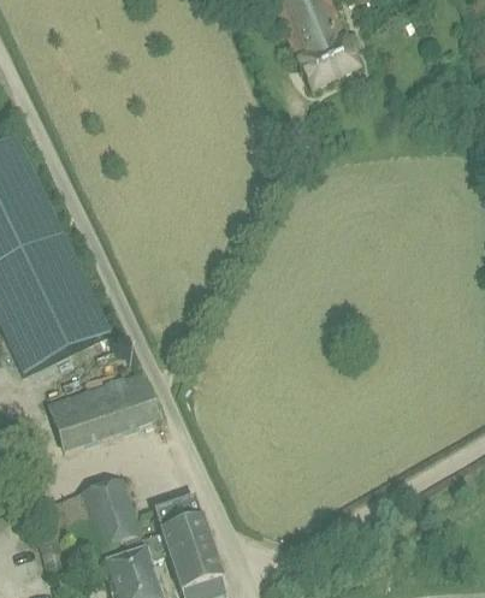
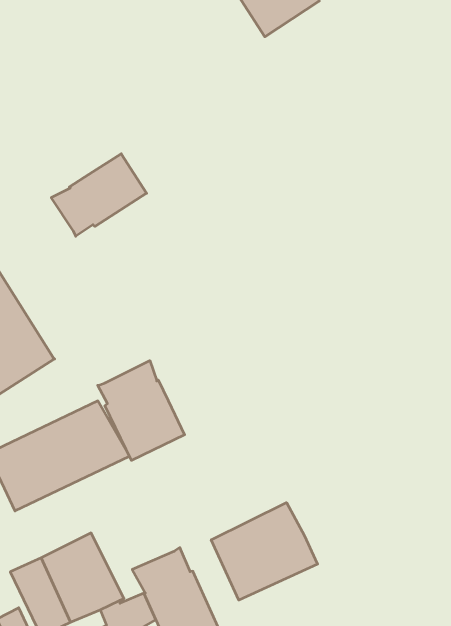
building: none -> [51,154,147,236]
building: none -> [98,361,185,460]
building: none -> [211,503,318,600]

